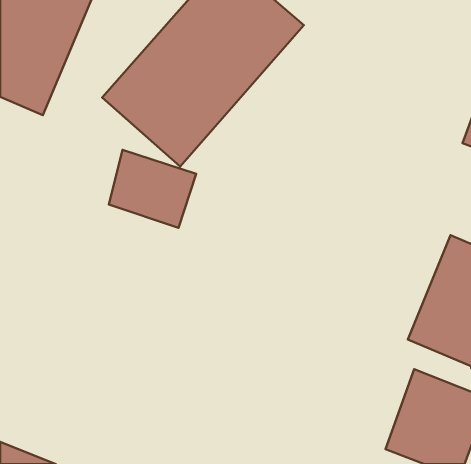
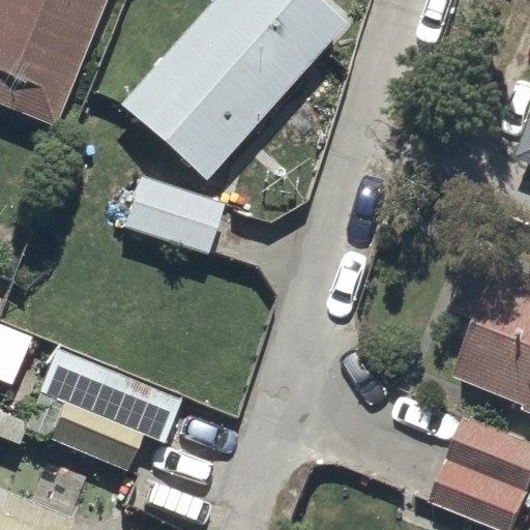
building: none -> [25,346,181,471]

